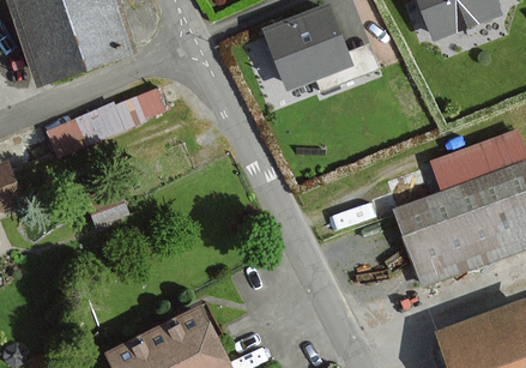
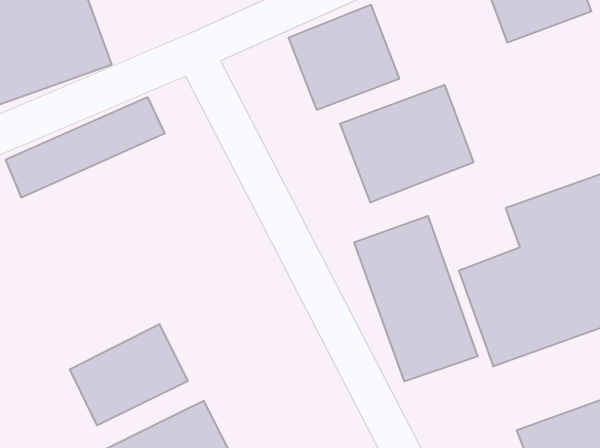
building: none -> [340,85,473,203]
building: none -> [354,216,477,382]
building: none -> [70,324,188,425]

